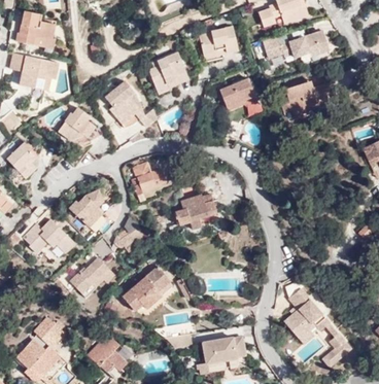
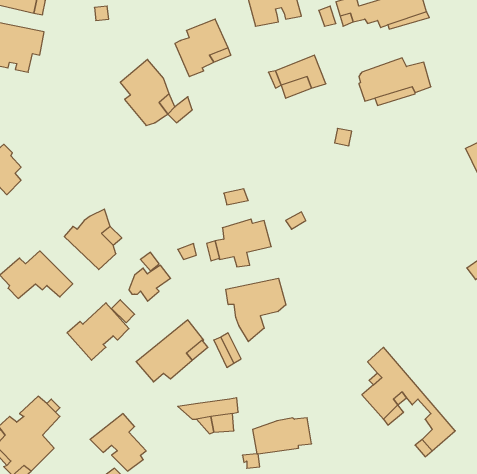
building: [61,106,102,141] -> none
building: [130,163,167,197] -> none
building: none -> [226,278,286,342]

